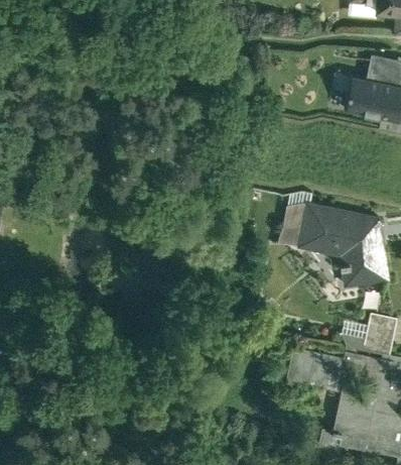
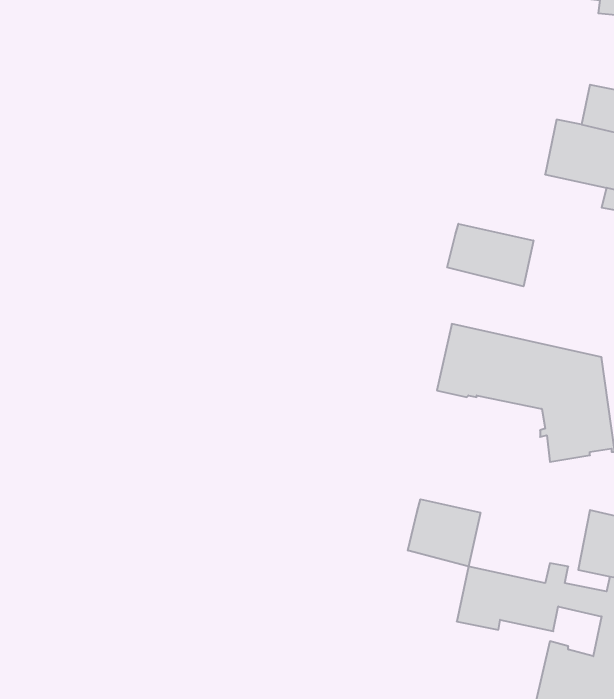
building: none -> [447,224,533,286]
building: none -> [408,499,480,567]

